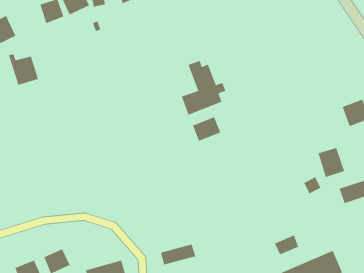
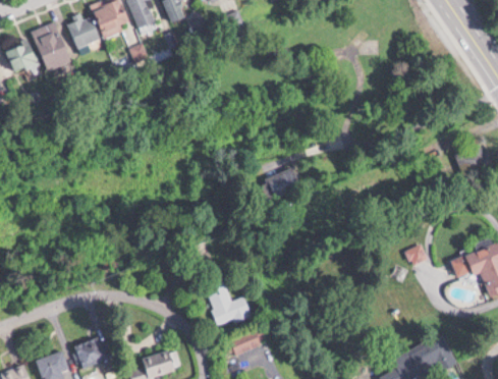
building: [8,53,39,85] -> [32,29,70,69]
building: [181,60,226,115] -> none
building: [318,147,345,178] -> none
building: none -> [212,292,248,325]
building: [274,234,299,255] -> none

